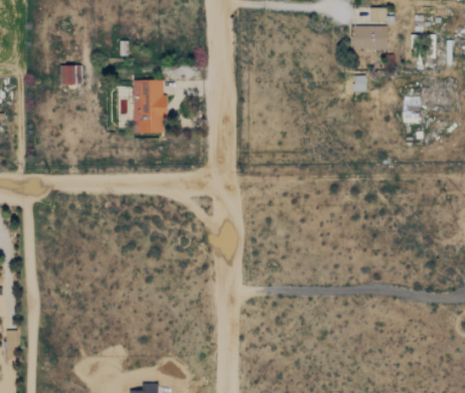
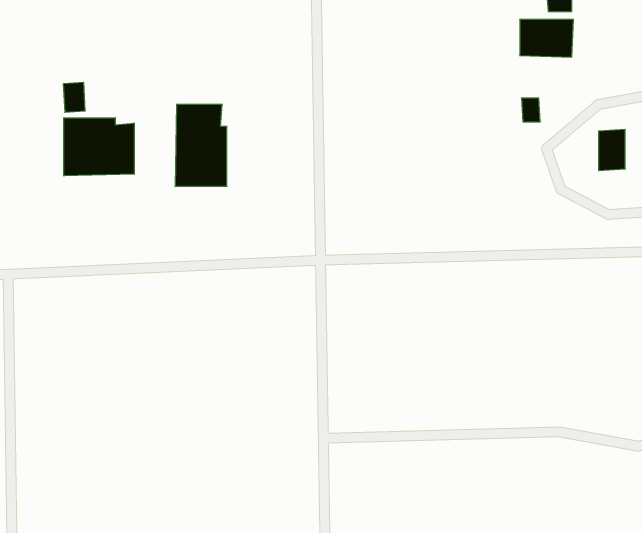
building: none -> [64,118,134,176]

